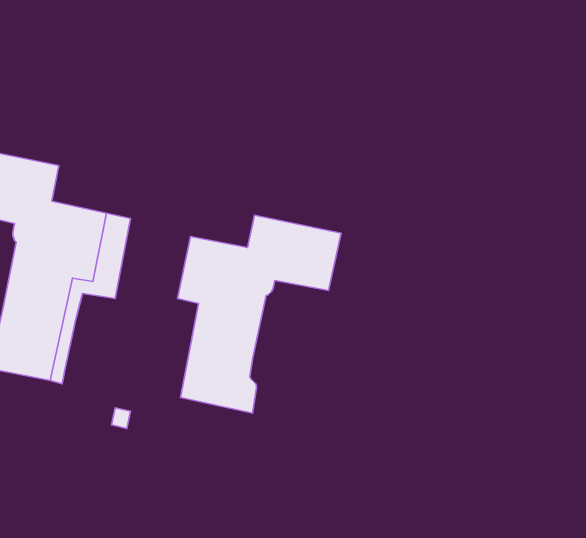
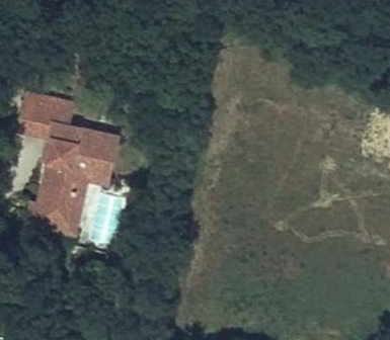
building: [177,215,341,413] -> none

